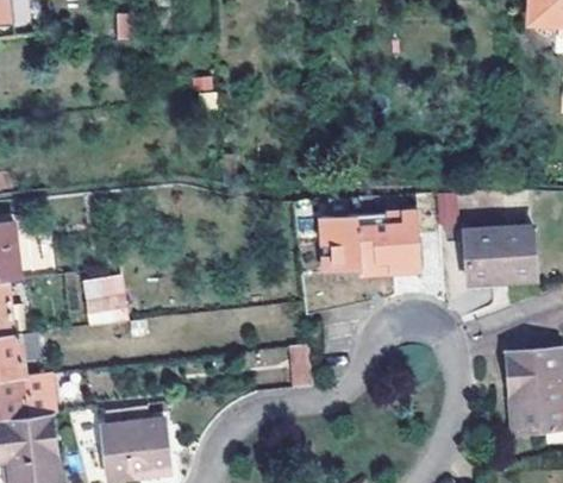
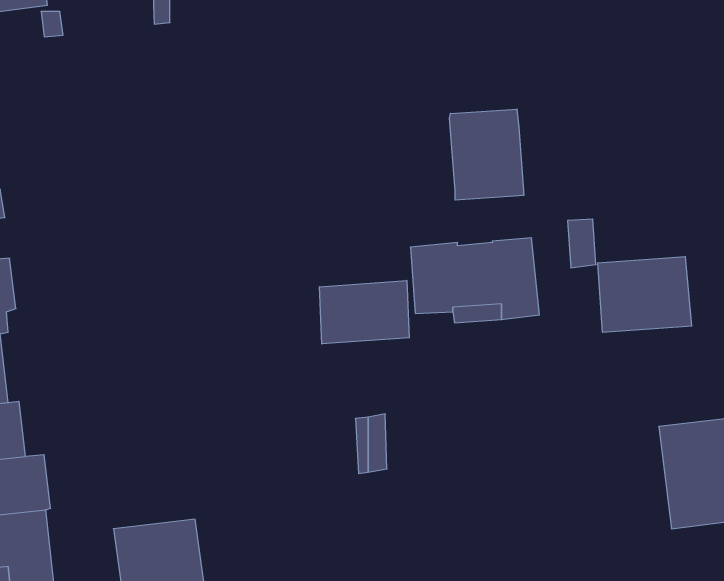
building: none -> [449,109,524,200]
building: none -> [320,280,409,344]
building: [85,278,125,324] -> none

